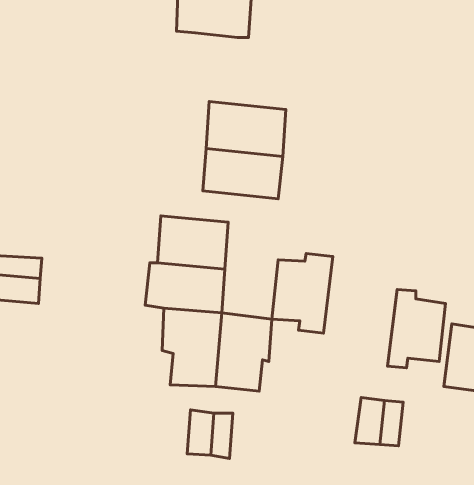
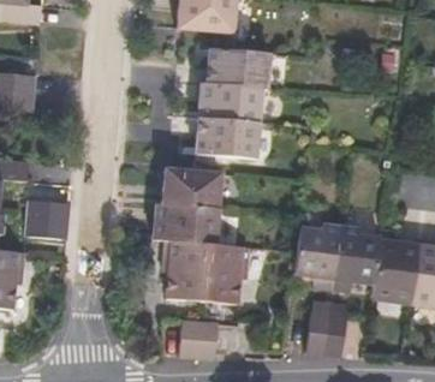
building: none -> [198,47,264,86]
building: [272,253,333,333] -> [296,222,342,283]

